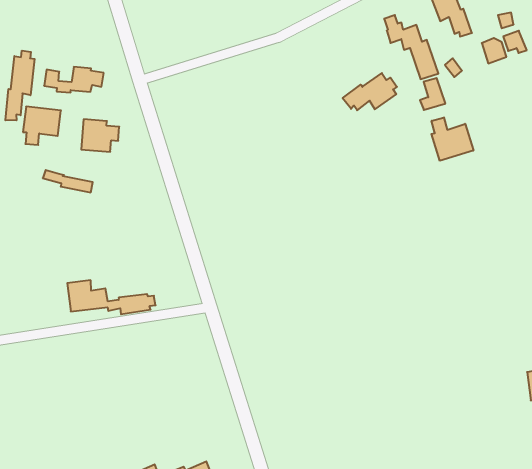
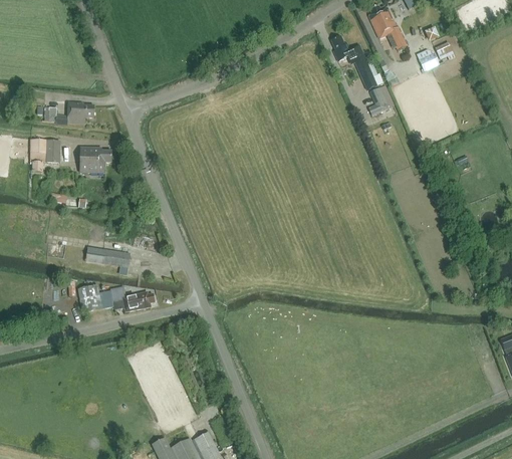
building: [5,51,35,120] -> none
building: [343,73,397,110] -> none
building: [431,117,473,161] -> none
building: none -> [85,247,131,268]

